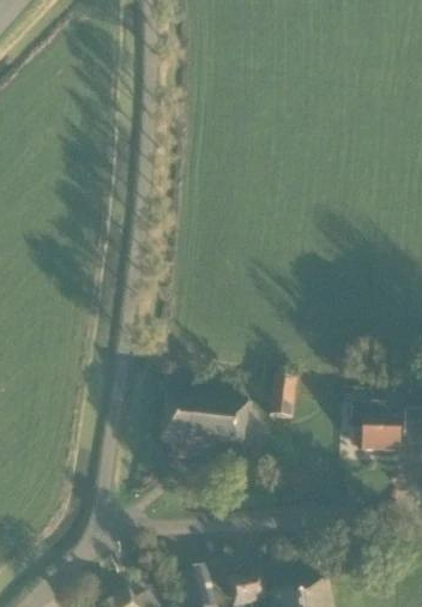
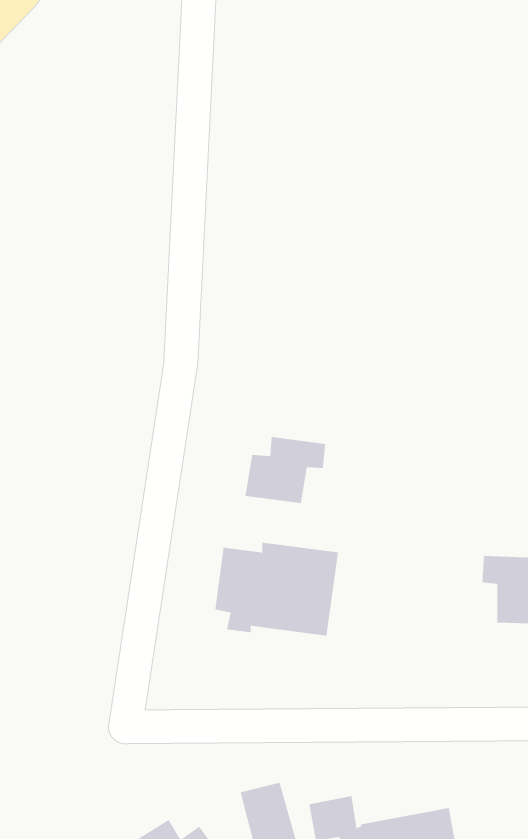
building: none -> [245,436,326,504]
building: [269,371,296,415] -> none

